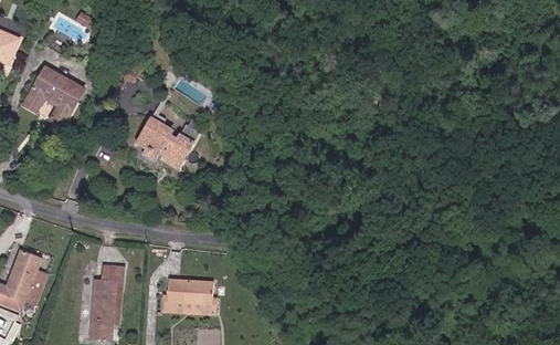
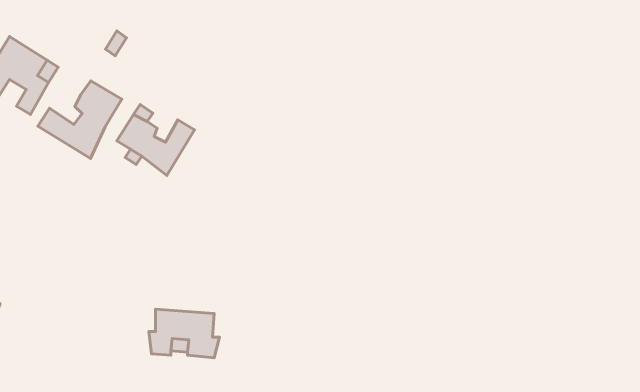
building: none -> [38,81,122,159]
building: [88,266,119,333] -> none

